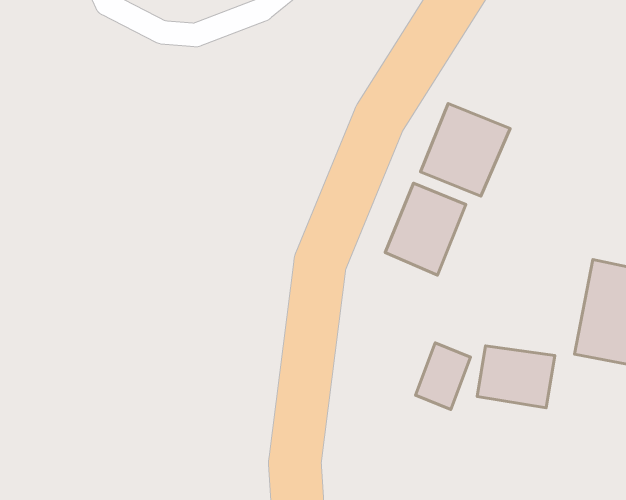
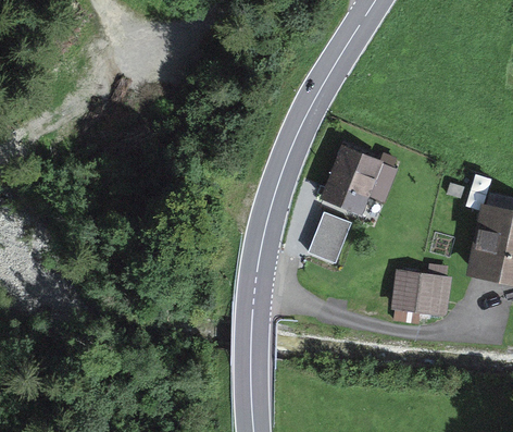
building: [421,103,510,196] -> none
building: [415,343,470,409] -> [309,210,351,261]

